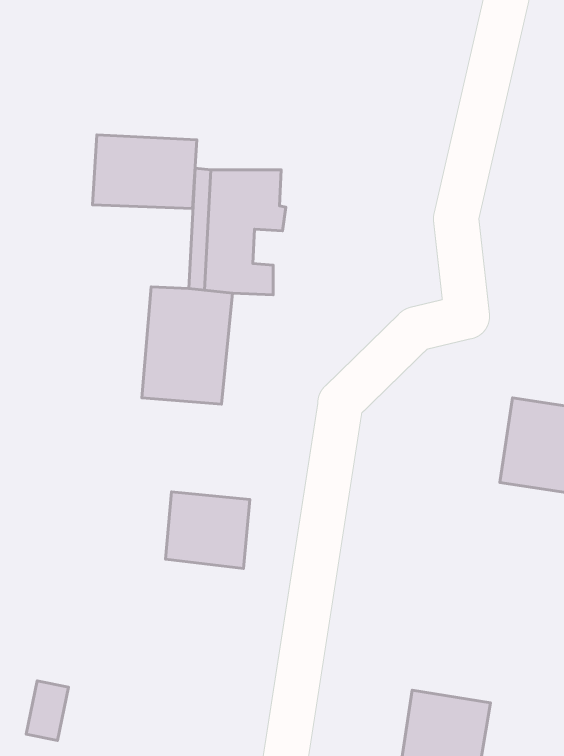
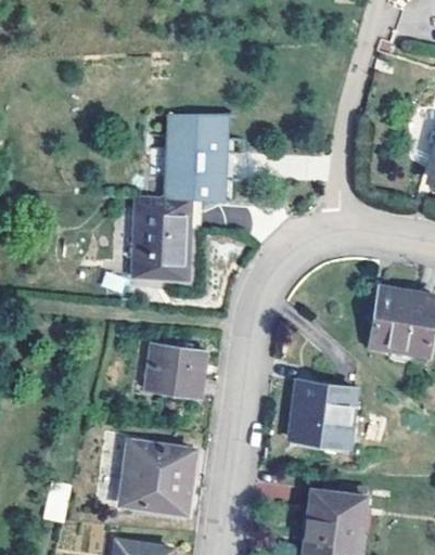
building: [92,135,197,208] -> none
building: none -> [291,376,358,441]
building: none -> [120,447,190,514]

